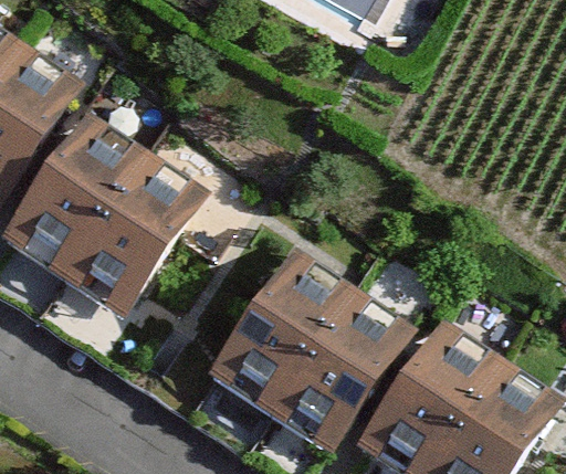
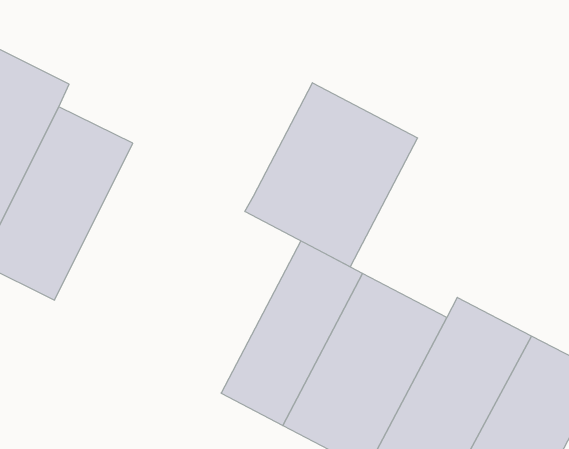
building: none -> [245,83,418,267]
building: [61,148,207,325] -> none

